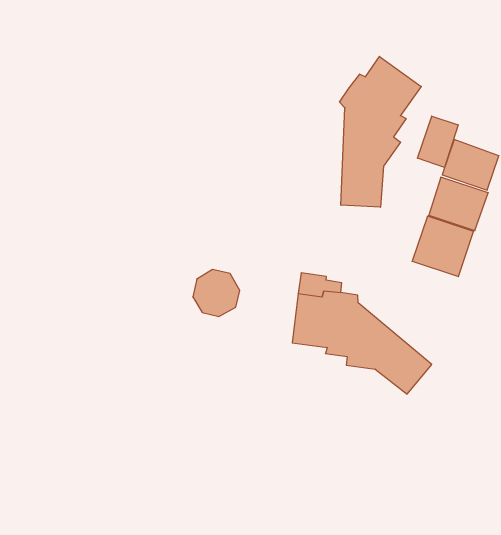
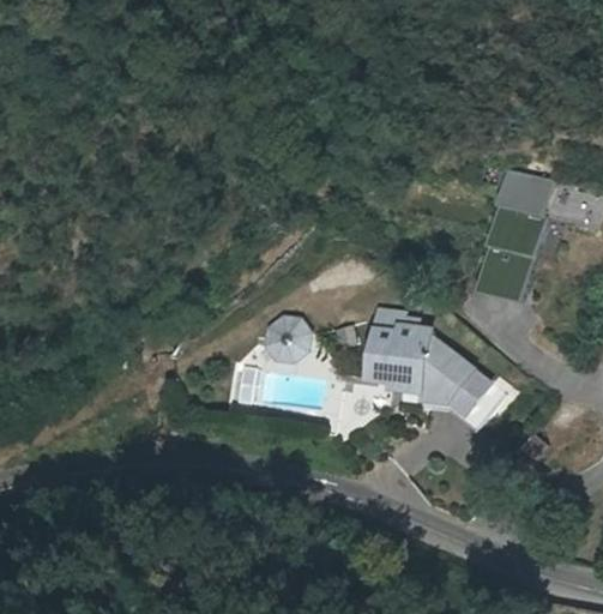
building: [340,56,421,207] -> none
building: [417,116,458,168] -> none

